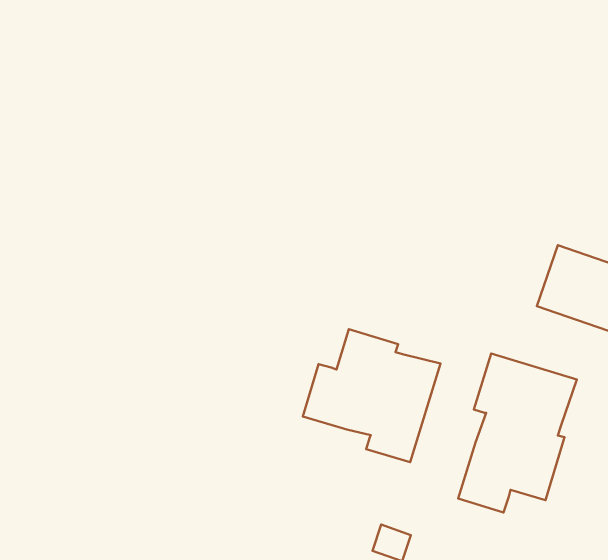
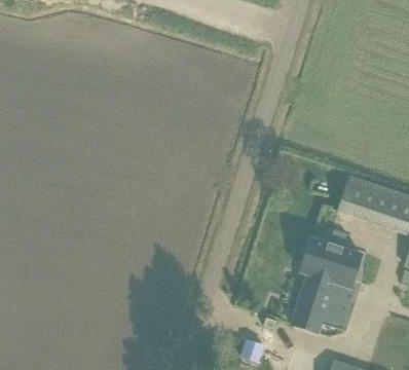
building: [303,329,440,462] -> none

